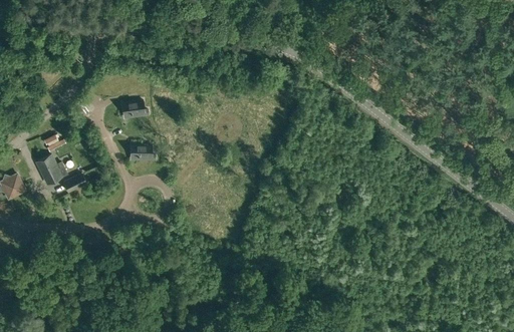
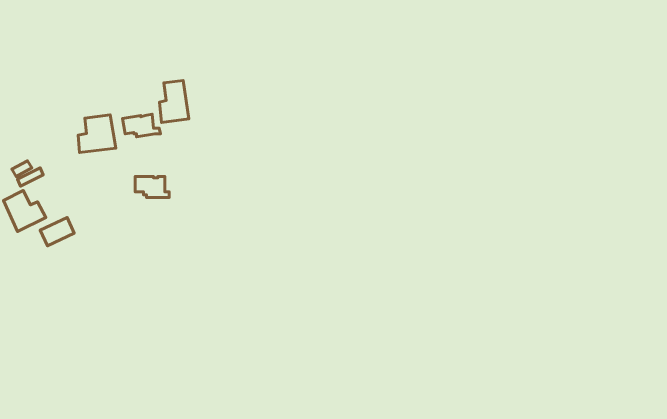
building: none -> [160,80,189,122]
building: none -> [78,115,116,153]

